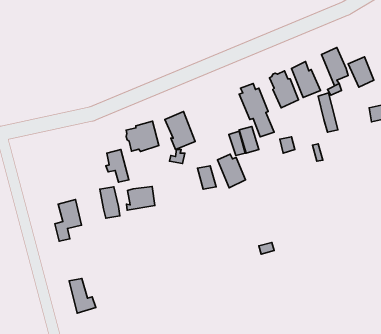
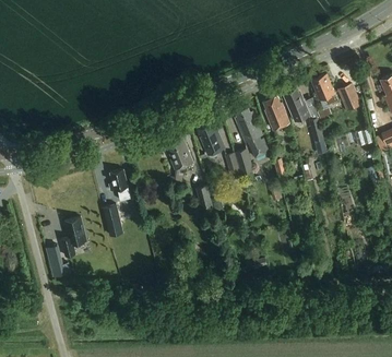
building: [126,121,159,152] -> none
building: [218,154,245,188] -> [198,123,224,155]
building: [126,186,155,210] -> none
building: [69,278,96,313] -> [48,243,73,276]

